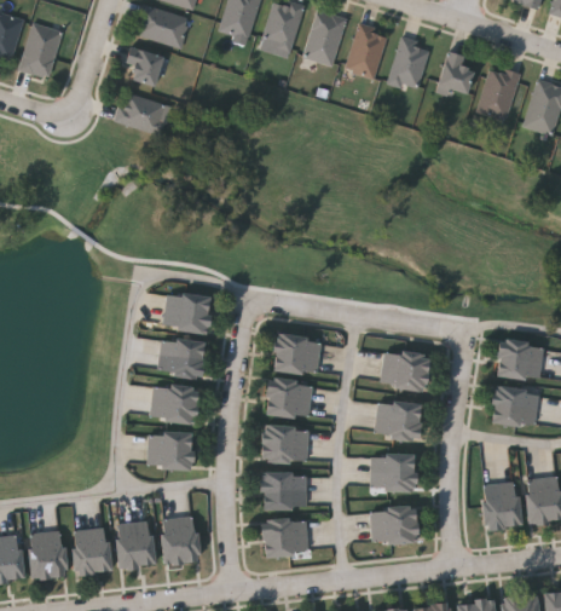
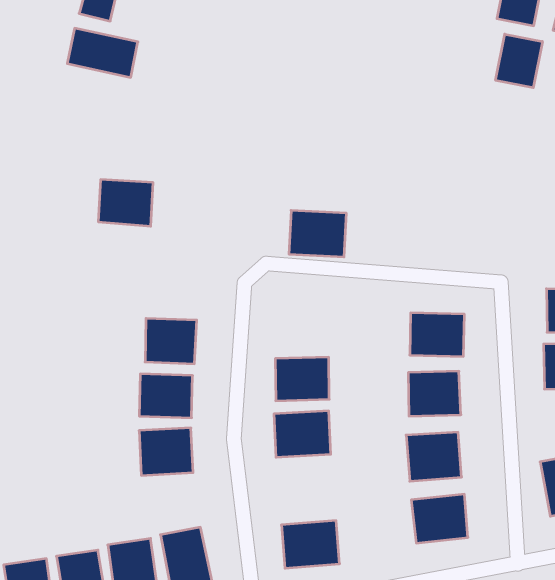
building: none -> [496,34,542,88]
building: [163,292,212,334] -> [98,180,153,226]
building: [271,334,322,376] -> [289,210,346,257]
building: [262,472,308,509] -> none

